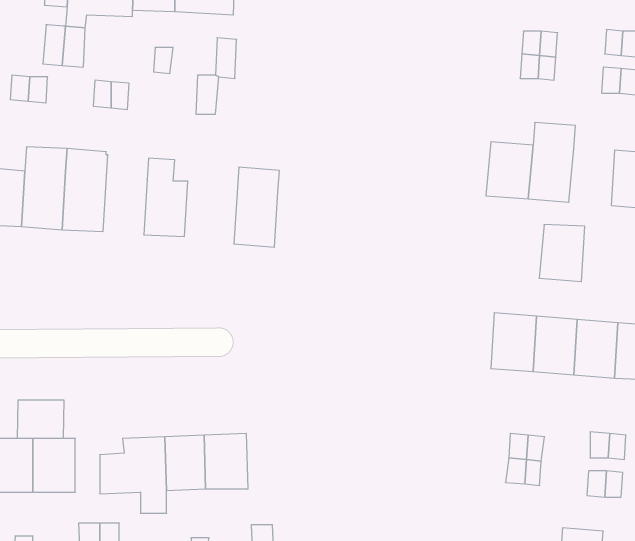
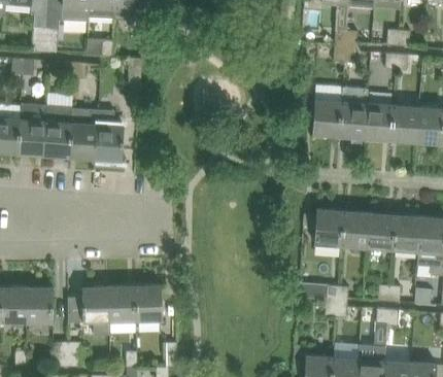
building: [234,167,279,247] -> [69,109,98,160]
building: [539,225,585,282] -> [364,105,393,141]
building: [18,400,64,438] -> none

